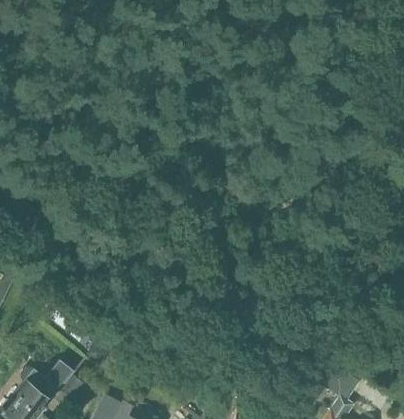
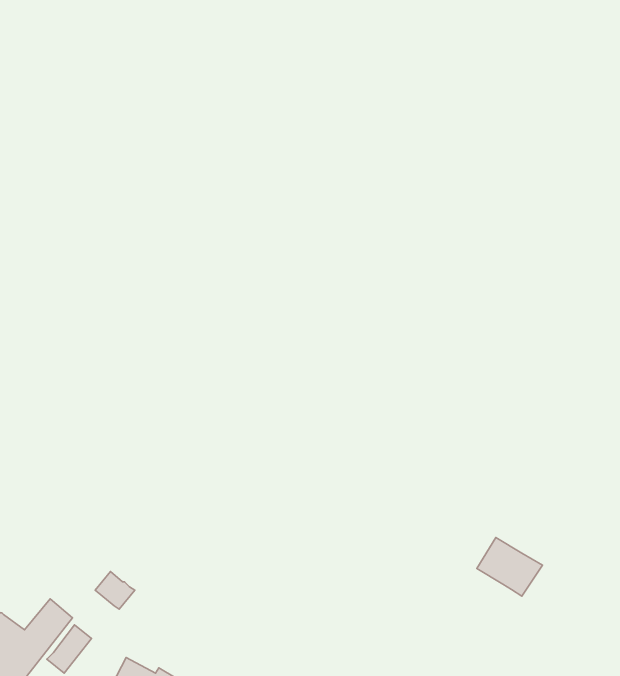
building: [320,367,358,401] -> [477,538,542,596]

